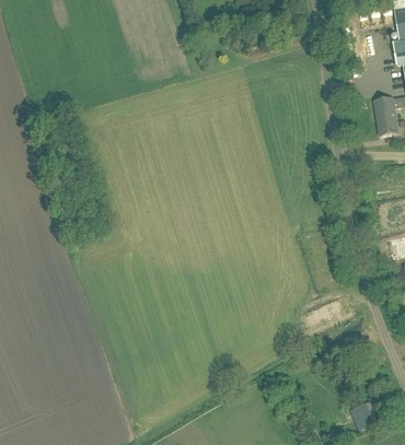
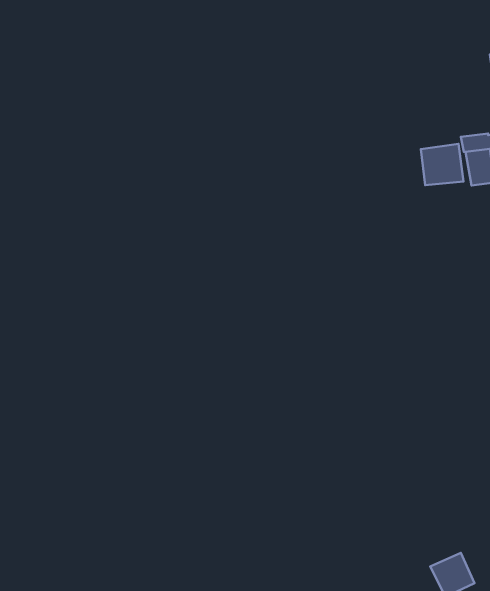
building: none -> [421,144,464,185]

